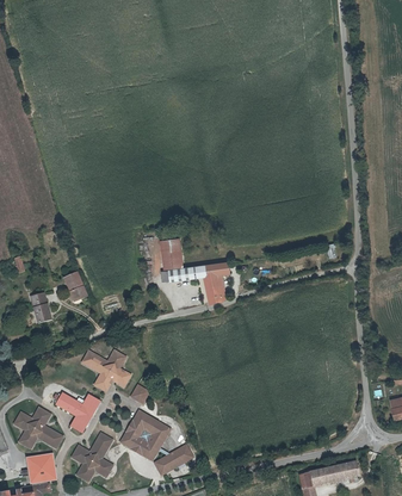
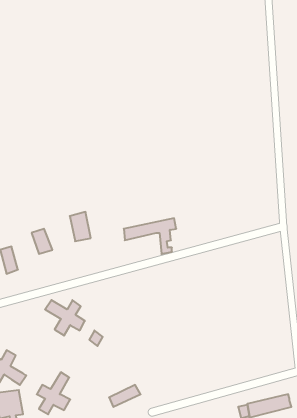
building: [161,237,185,271] -> [70,212,91,241]
building: [57,393,100,434] -> none
building: [119,411,167,460] -> none

